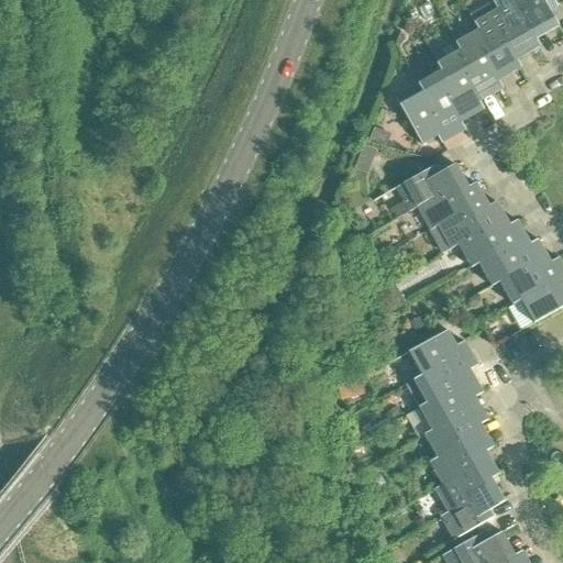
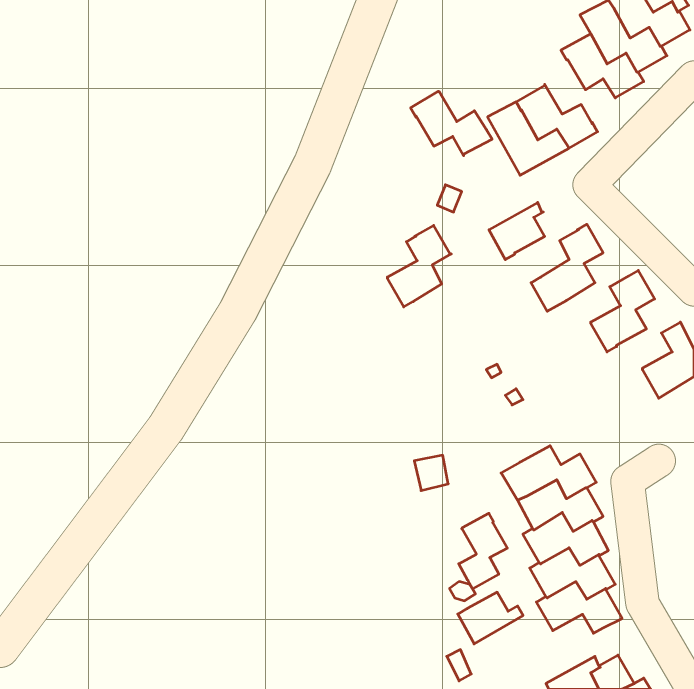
building: [437,48,503,100] -> [411,92,492,156]
building: [417,163,468,229] -> [387,225,451,307]
building: [459,200,509,266] -> none
building: [499,238,551,303] -> none
building: [408,328,470,376] -> none
building: none -> [459,513,507,589]
building: [440,497,493,539] -> [458,592,523,644]

